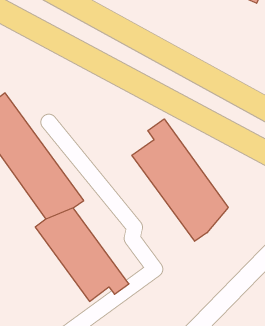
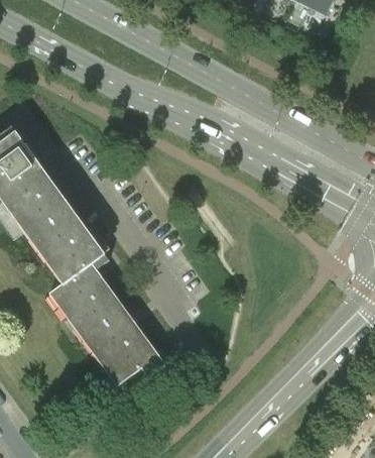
building: [132,119,228,241] -> none

